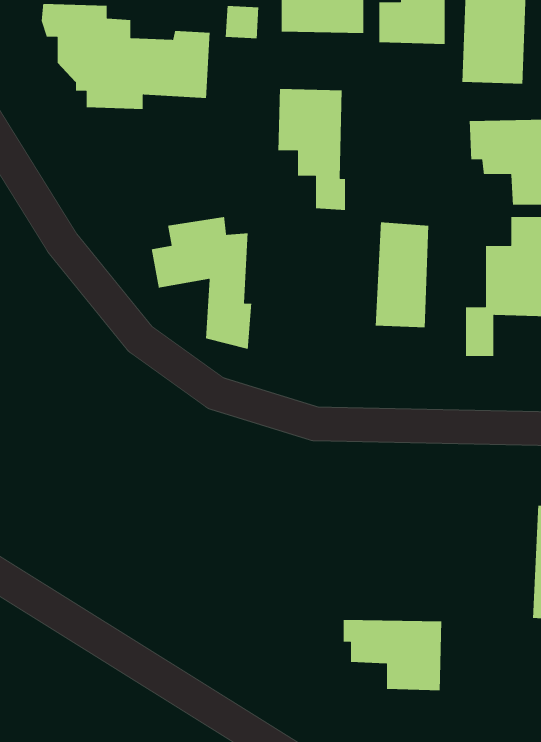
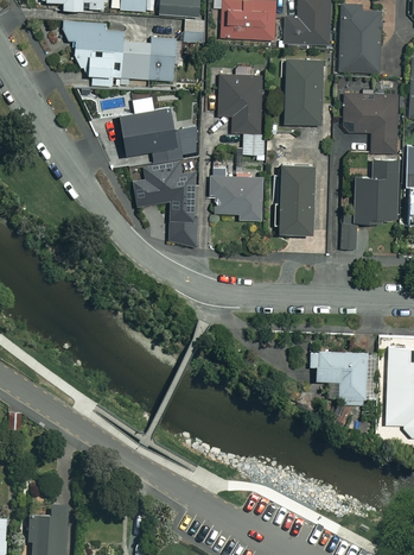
building: none -> [285,59,321,124]
building: none -> [122,103,199,160]
building: none -> [211,162,261,219]
building: [343,619,442,691] -> [311,351,376,398]

